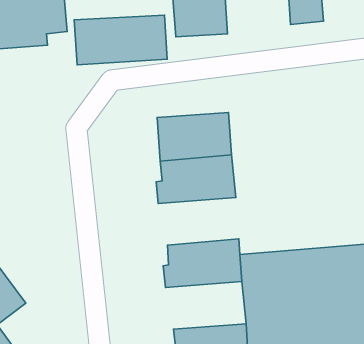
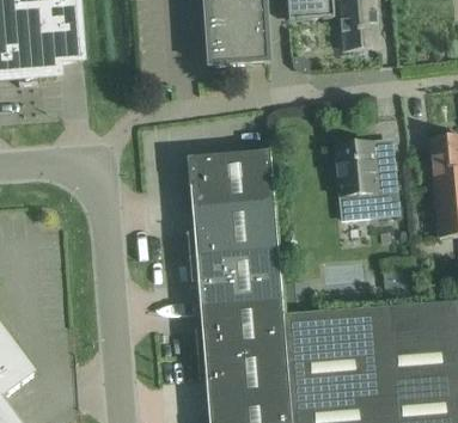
building: [74,15,167,65] -> none
building: none -> [336,141,398,216]
building: none -> [189,250,282,305]
building: none -> [197,347,291,401]

